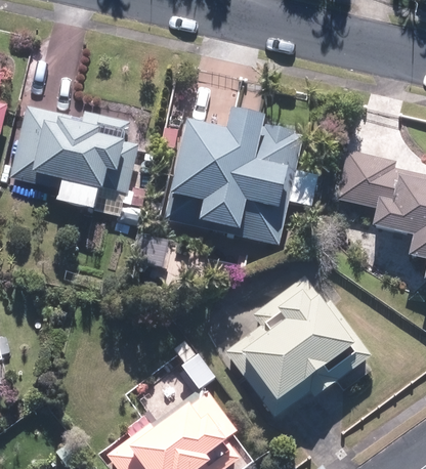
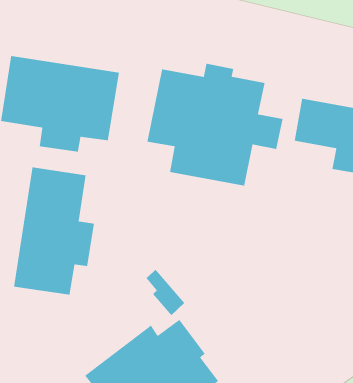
building: none -> [13,167,95,295]
building: [224,274,372,420] -> none

